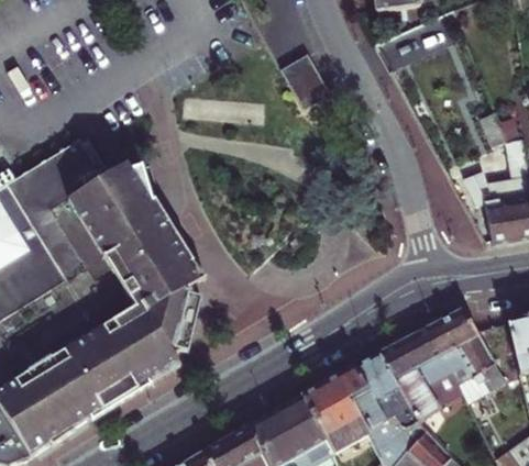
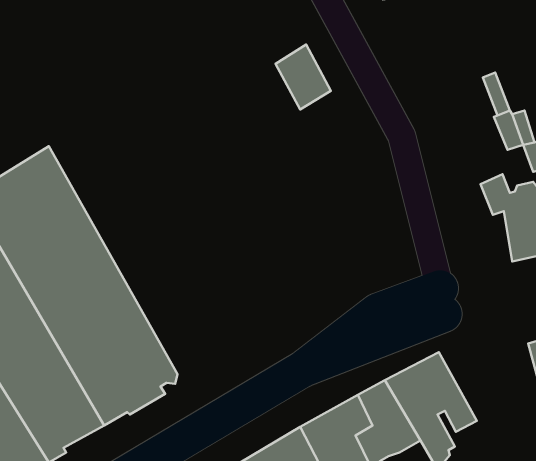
building: [77,138,203,347] -> none
building: [427,310,506,404] -> none

